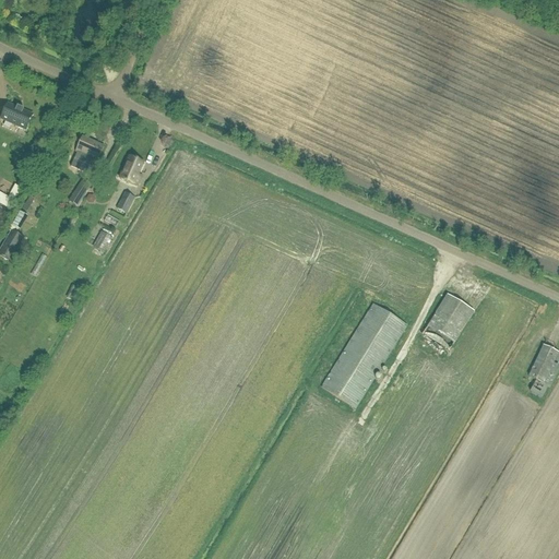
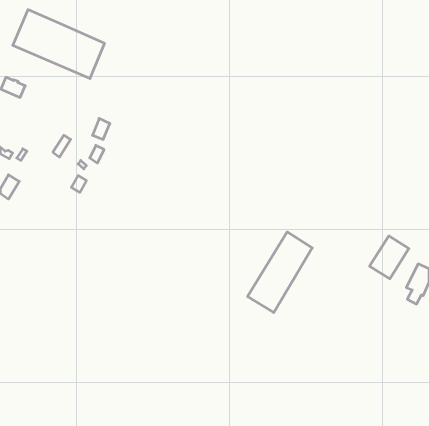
building: none -> [13,10,104,79]
building: [74,133,104,164] -> none
building: [423,293,474,348] -> [370,236,409,279]

